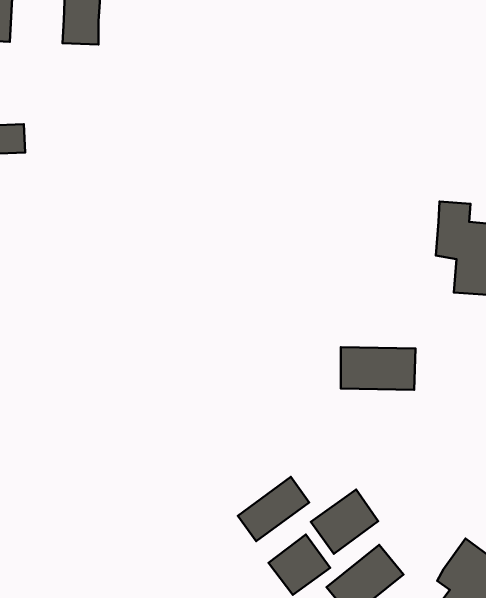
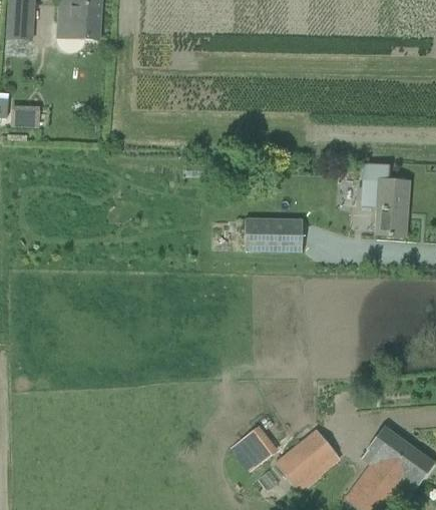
building: [341,347,415,390] -> [245,218,303,251]
building: [238,477,309,541] -> none
building: [311,490,378,554] -> none

